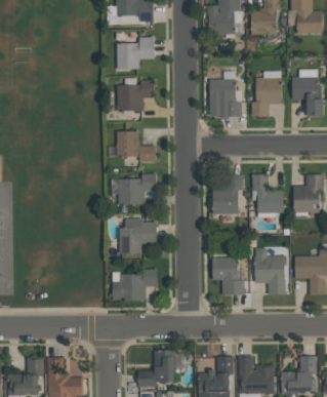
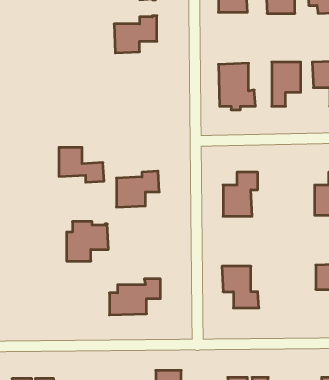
building: [117,79,155,110] -> none
building: [117,131,157,162] -> [59,147,104,182]
building: [252,174,284,213] -> none
building: [120,219,157,253] -> [67,222,108,261]
building: [255,247,287,294] -> none

